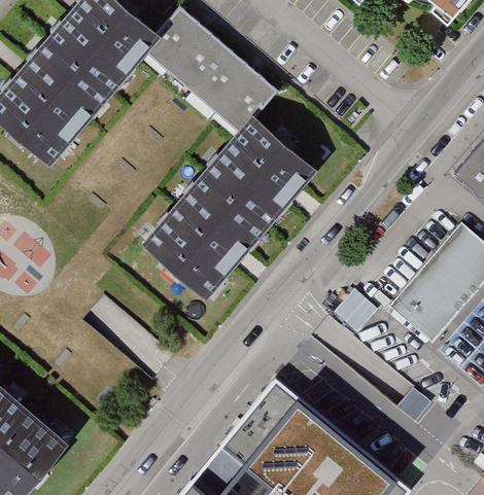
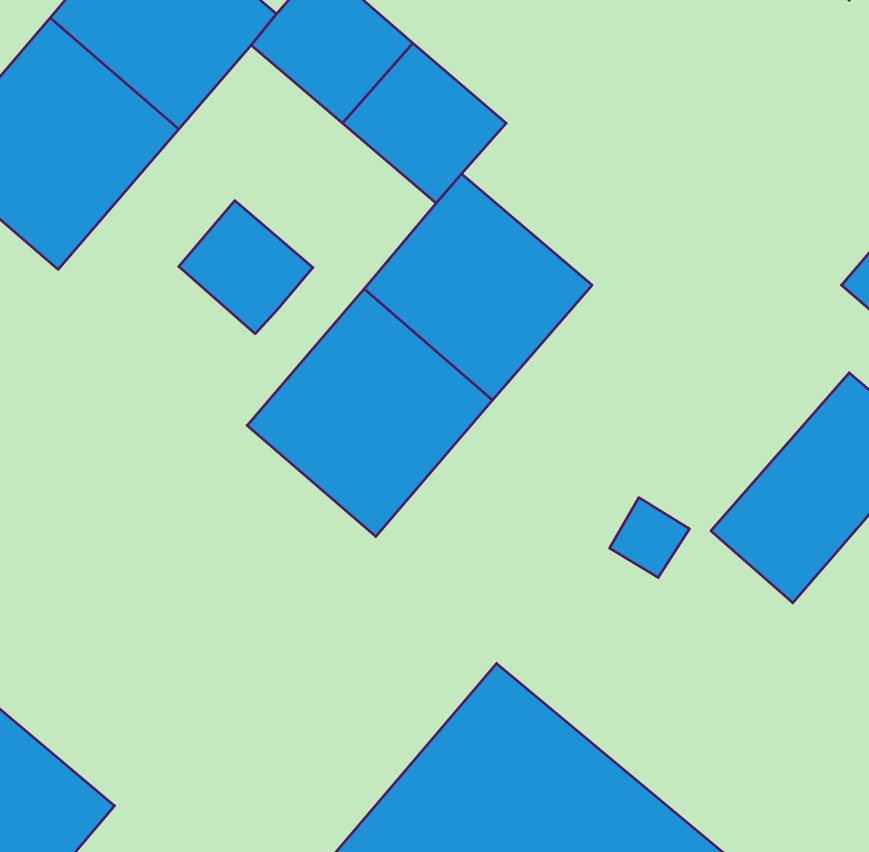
building: none -> [179,201,313,334]

